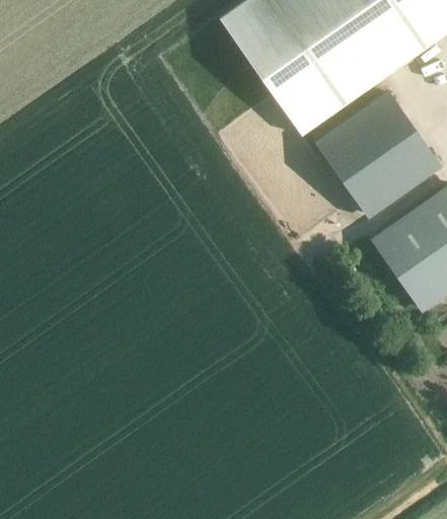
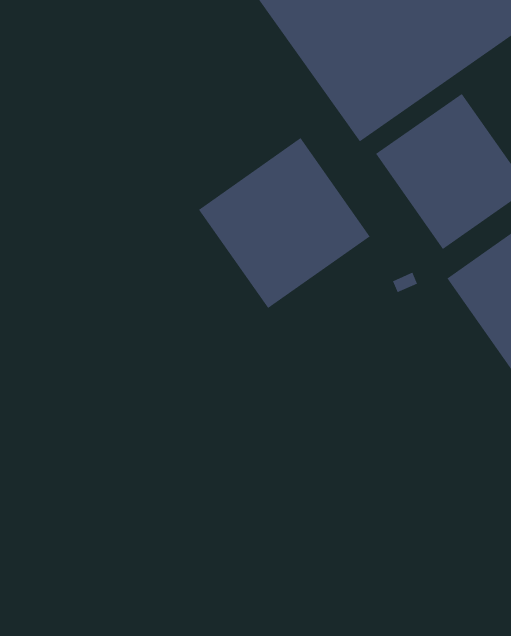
building: none -> [198,137,370,309]

